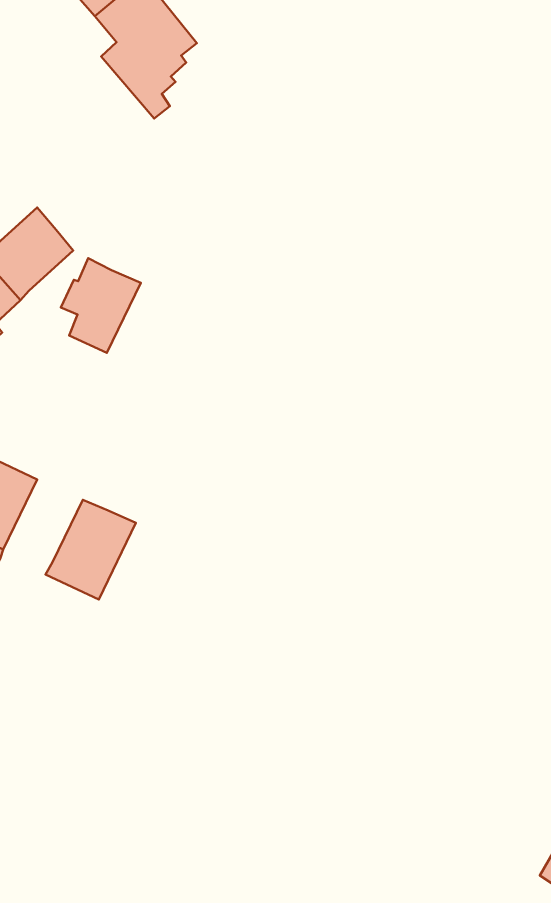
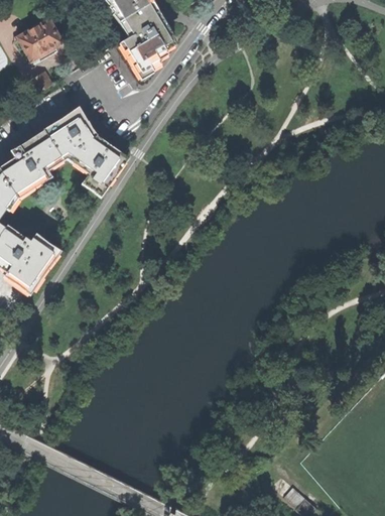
building: none -> [67,135,100,163]
building: [45,500,136,600] -> none

